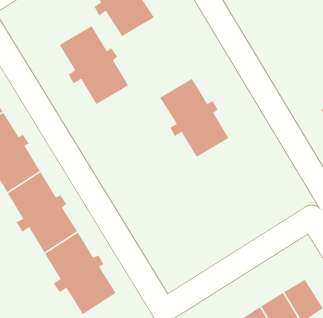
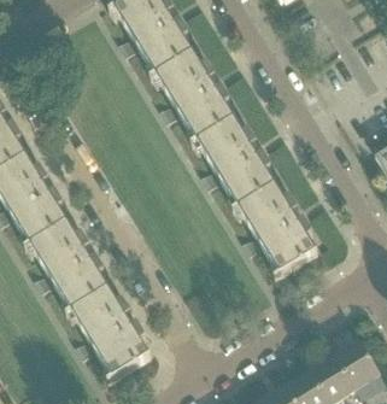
building: [59,25,129,105] -> [158,53,235,141]
building: none -> [240,186,318,275]

